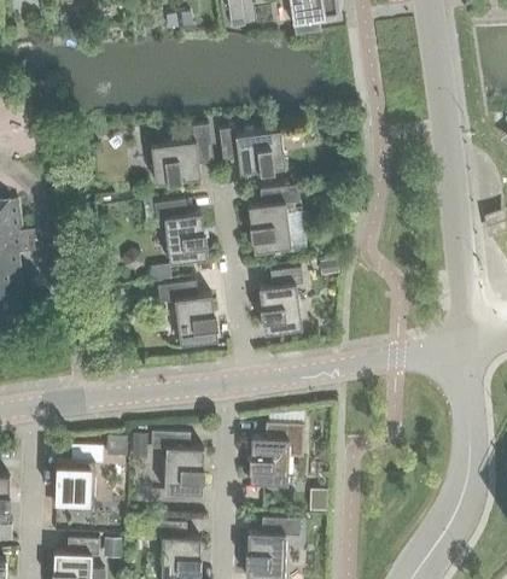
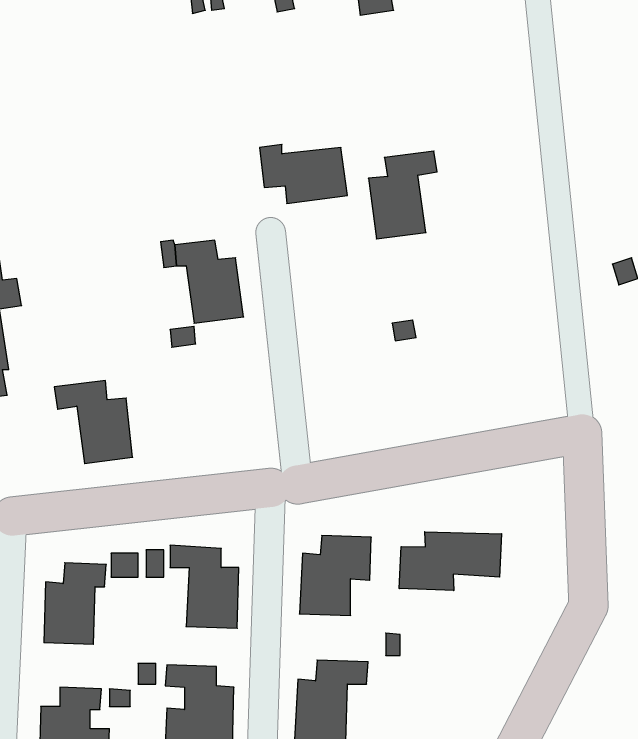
building: [150,124,212,183] -> none
building: [247,186,299,252] -> [368,151,437,239]
building: [258,268,303,333] -> none
building: [157,281,216,344] -> [54,381,133,464]
building: none -> [399,532,502,591]

